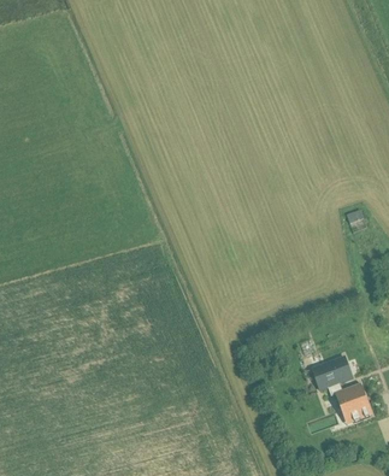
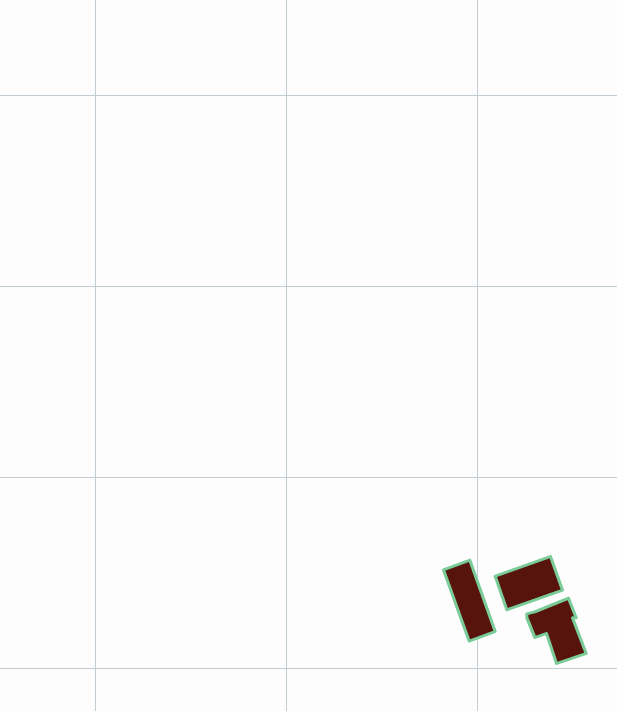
building: none -> [444,560,495,641]

